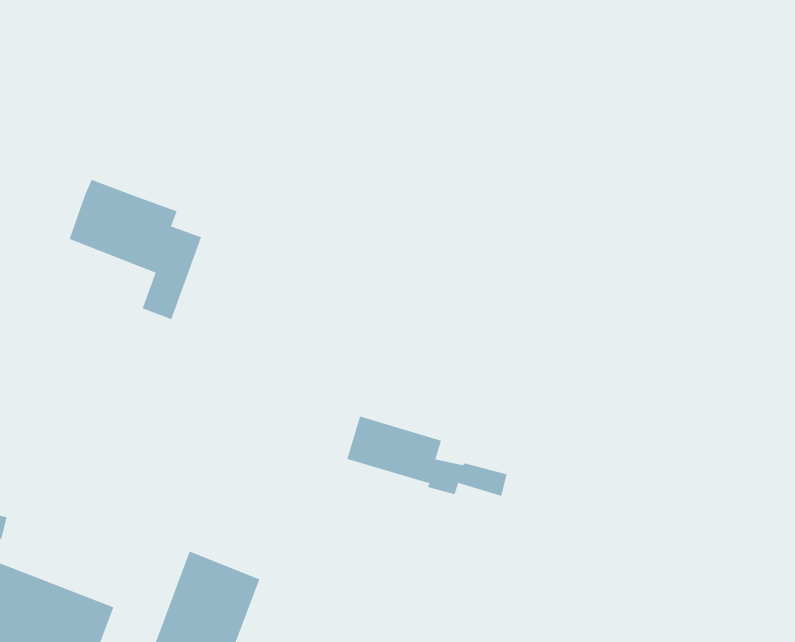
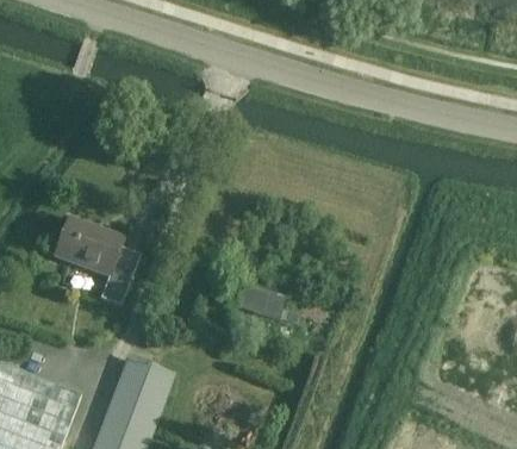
building: [69,179,202,320] -> [55,218,139,307]

